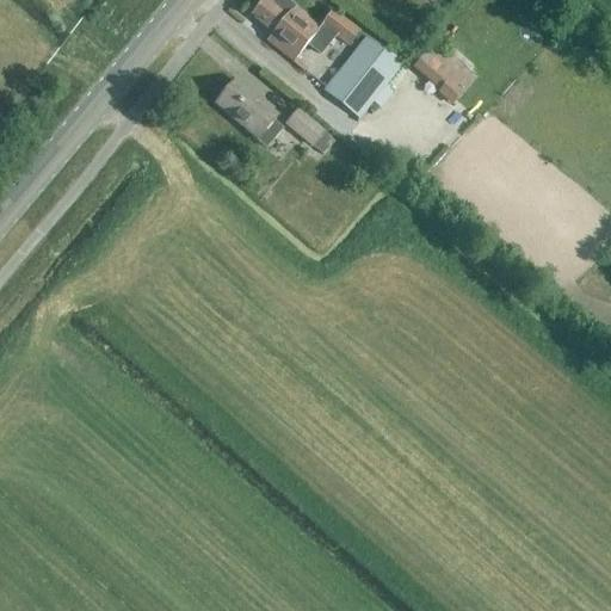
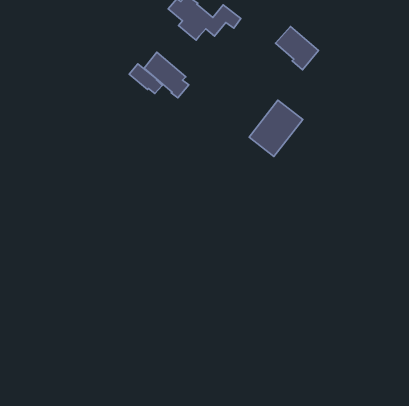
building: [322,33,402,117] -> [249,100,303,156]
building: [284,106,333,150] -> [129,64,162,93]

